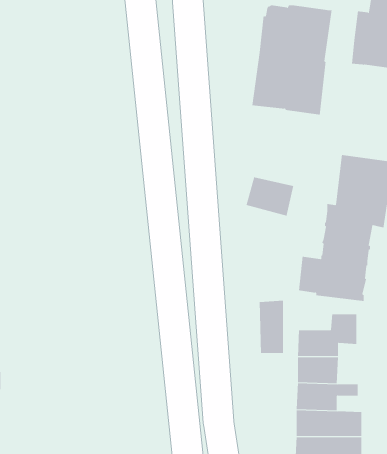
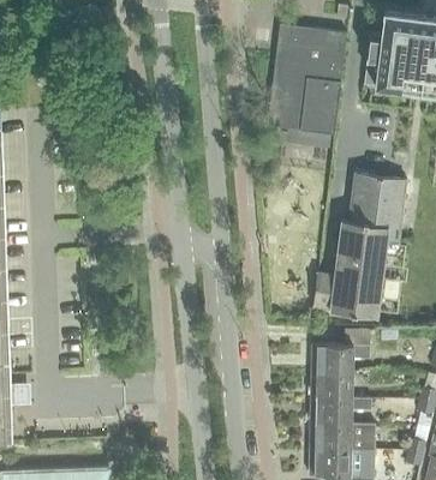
building: [246,176,294,216] -> none
building: [259,300,283,354] -> none

